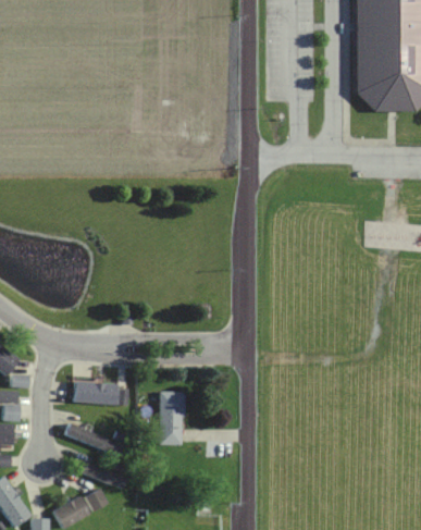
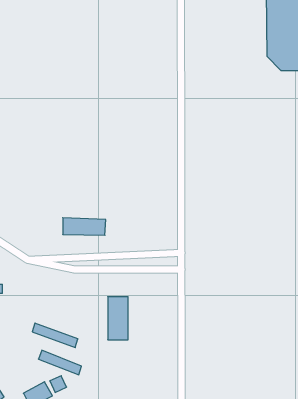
building: [75,382,128,404] -> [63,218,106,235]

